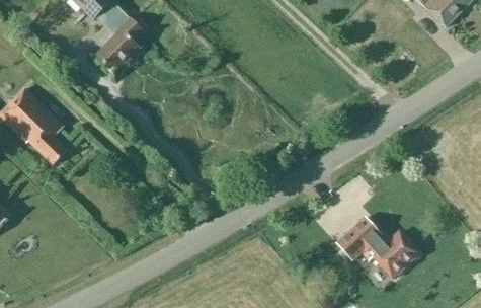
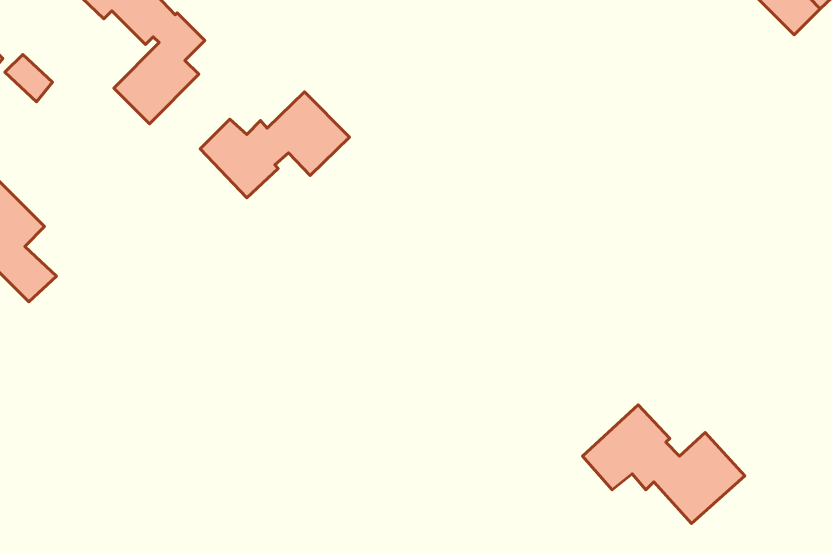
building: none -> [200,92,350,198]

